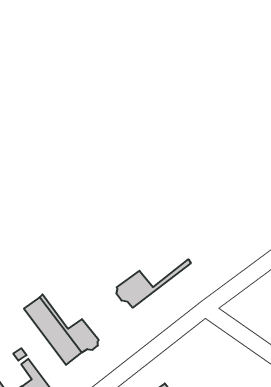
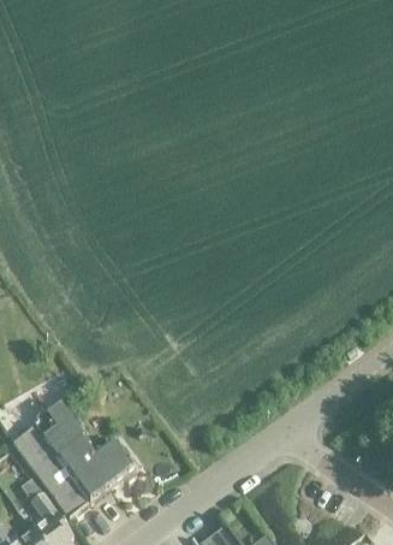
building: [116,259,191,308] -> none
building: none -> [12,425,93,517]

